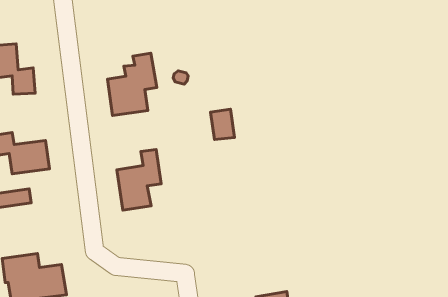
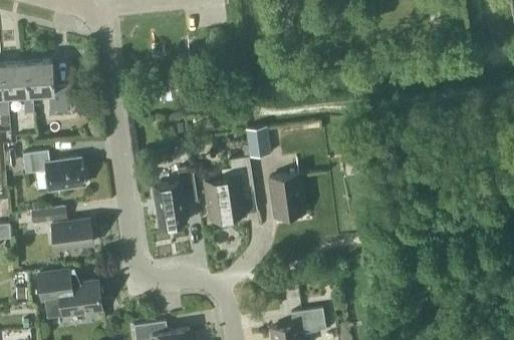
building: [108,53,157,116] -> [205,156,254,219]
building: none -> [269,174,304,218]
building: none -> [51,220,93,249]

